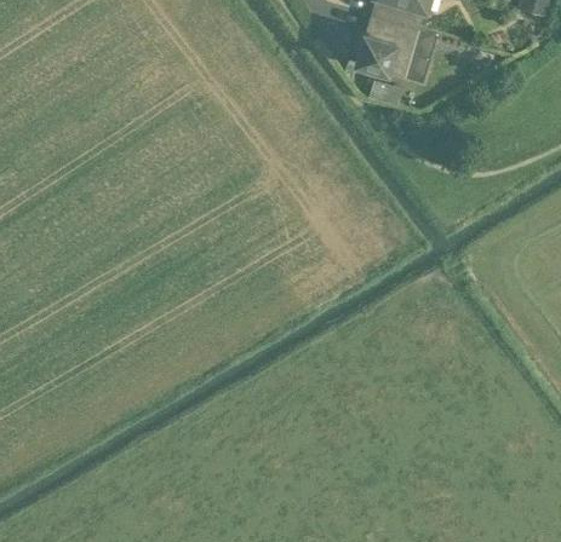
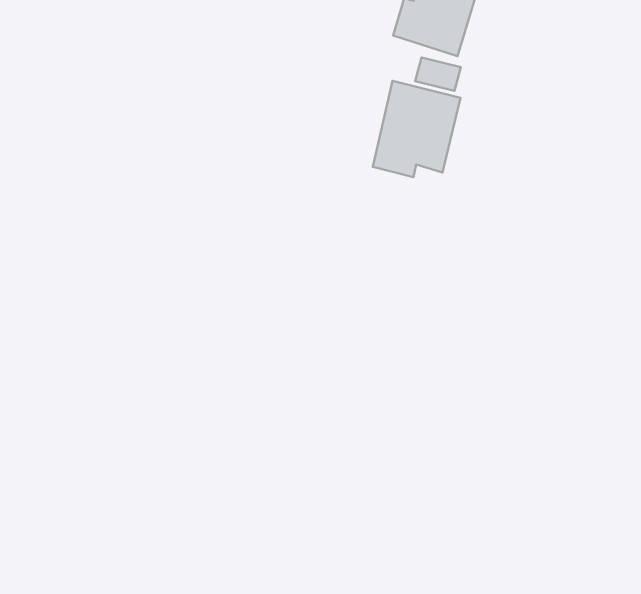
building: none -> [373,81,461,177]

